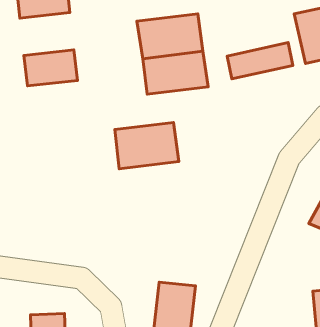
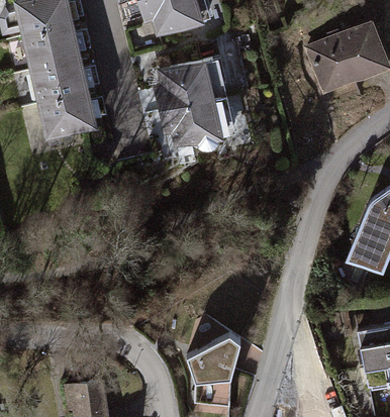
building: none -> [25,67,85,116]
building: [227,43,293,79] -> none
building: [115,123,179,169] -> none

